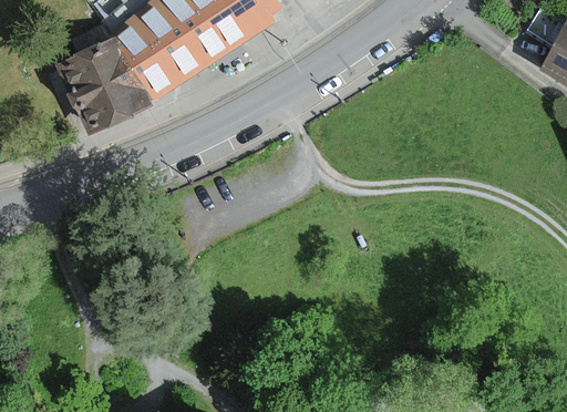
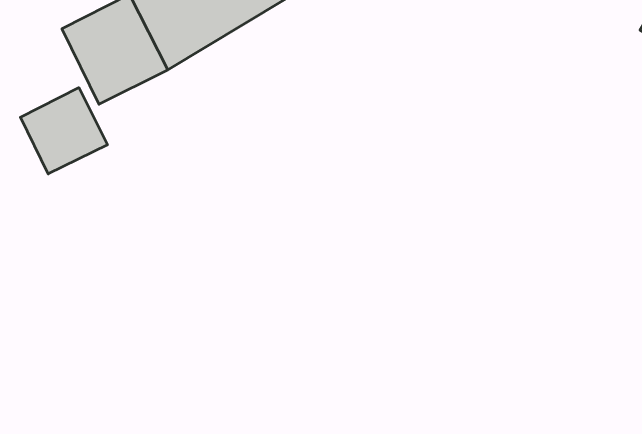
building: none -> [20,88,107,174]

